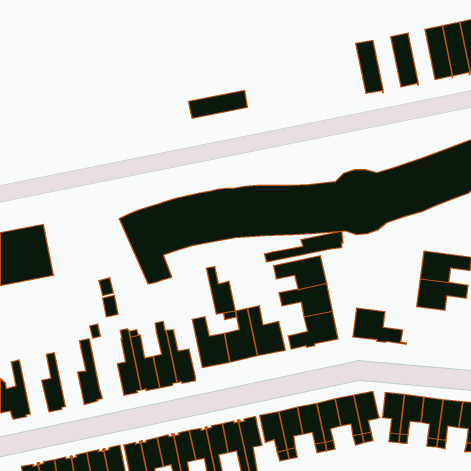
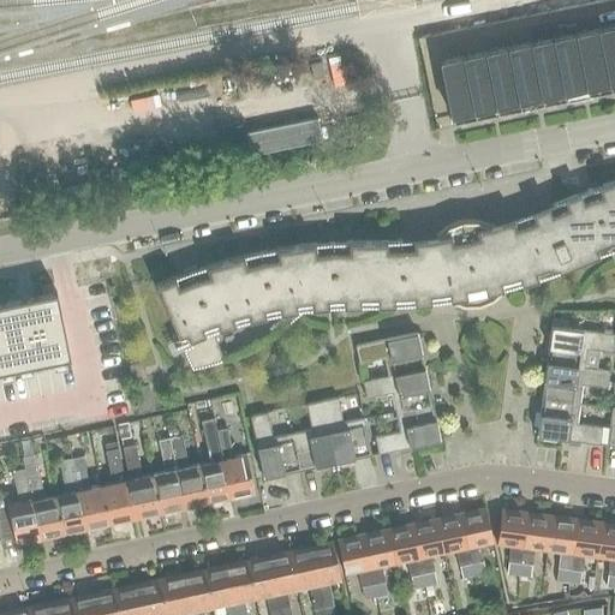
building: none -> [532,40,568,109]
building: none -> [486,49,523,118]
building: none -> [441,58,477,127]
building: [265,231,343,262] -> none
building: [207,266,235,314] -> none
building: [353,308,406,344] -> [538,400,608,447]
building: none -> [124,447,162,519]
building: none -> [71,449,111,531]
building: none -> [23,454,65,541]

